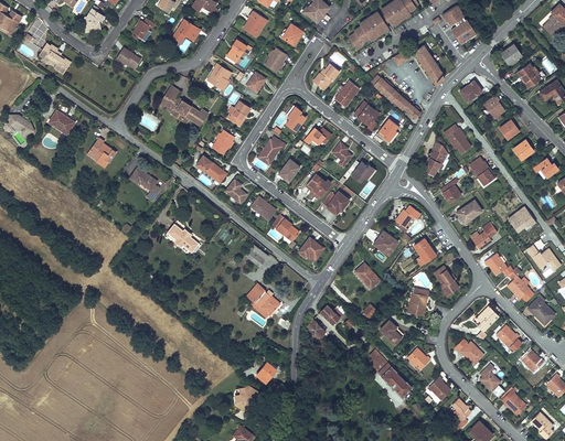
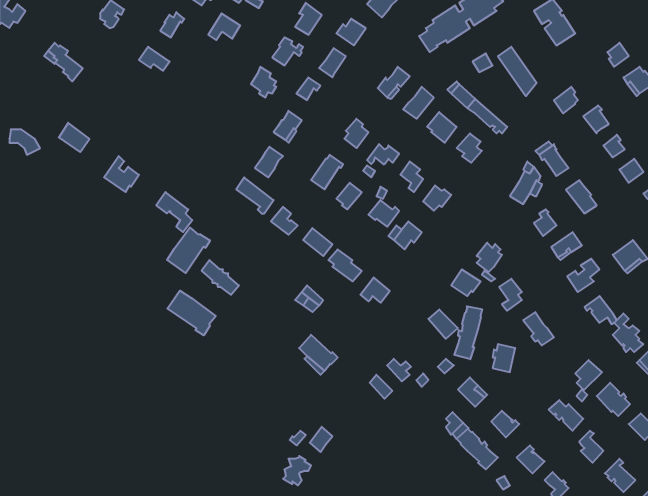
building: [159,85,209,122] -> none
building: none -> [167,228,210,273]
building: none -> [167,291,216,335]
building: none -> [454,306,482,359]

